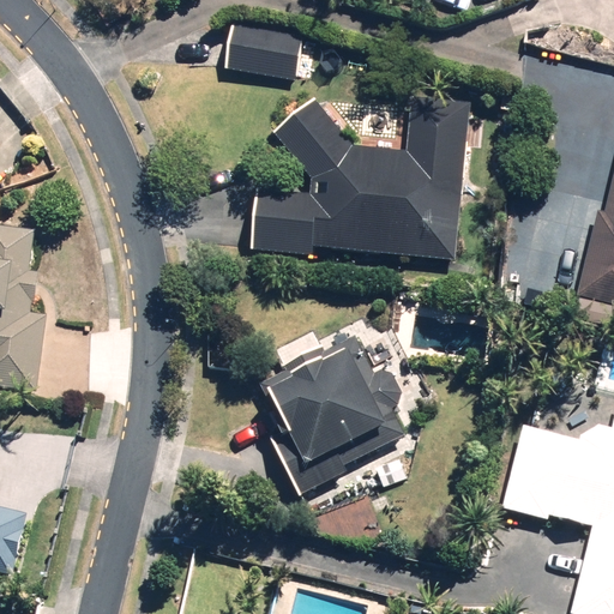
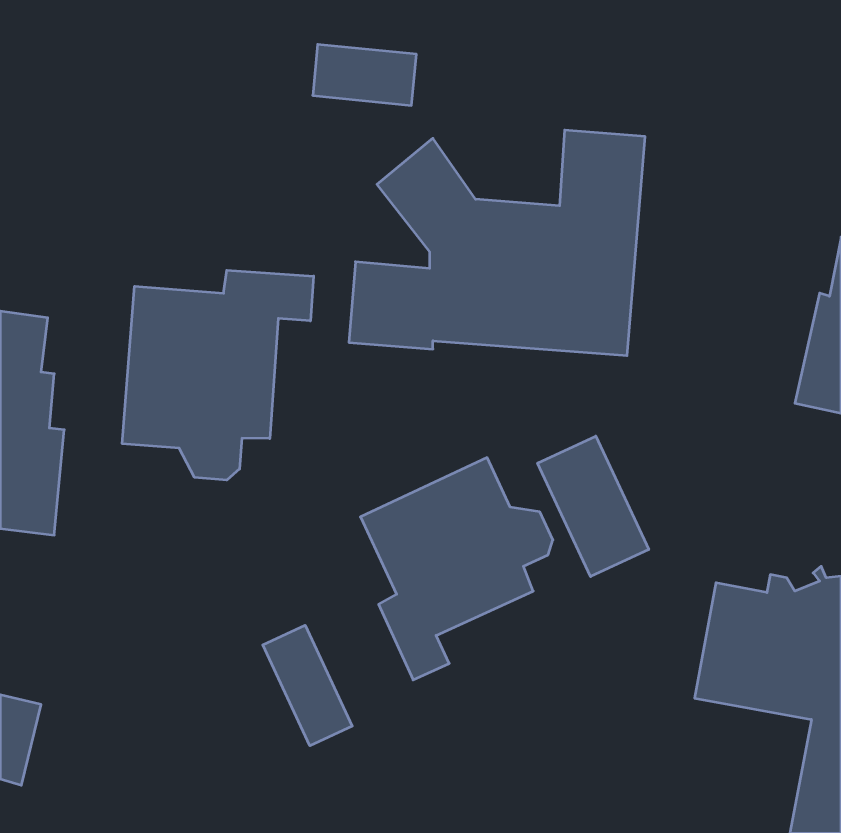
building: none -> [122,270,314,480]
building: none -> [538,436,649,577]
building: none -> [263,625,352,746]

